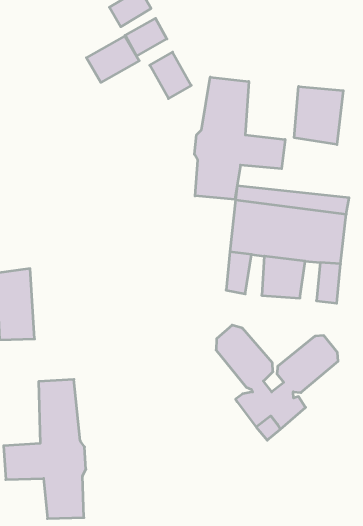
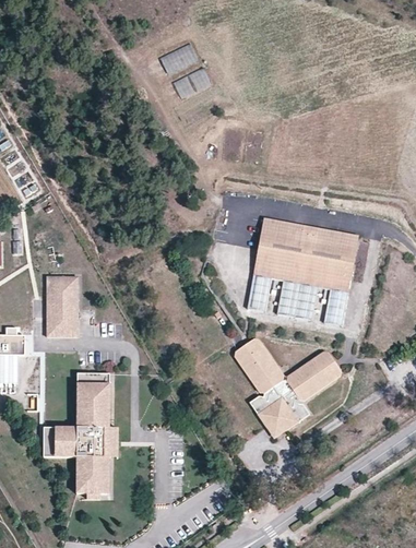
building: [86,36,139,82] -> none
building: [150,52,191,99] -> none
building: [194,77,285,199] -> none
building: [294,86,343,145] -> none

